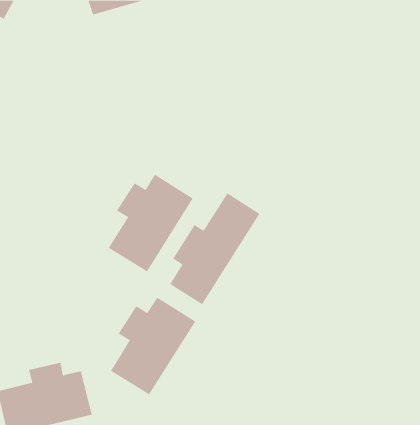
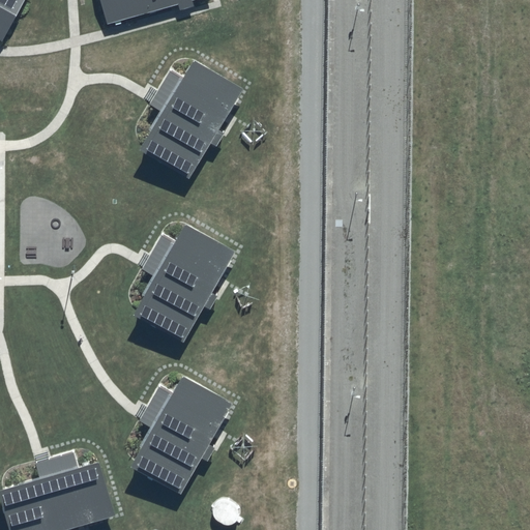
building: none -> [142,56,246,176]
building: [170,193,260,305] -> none

